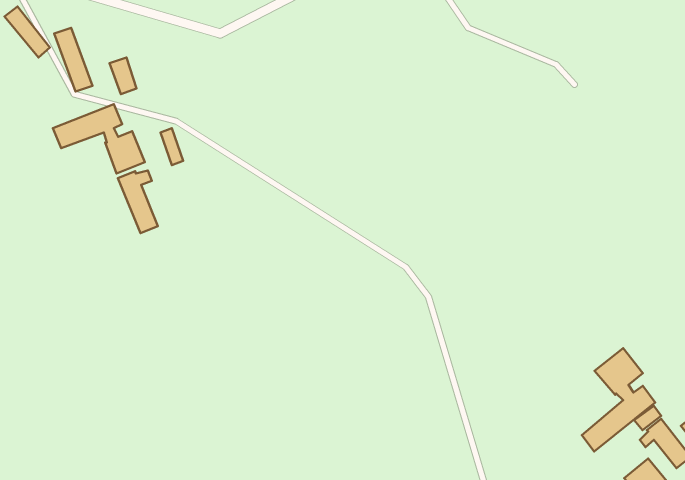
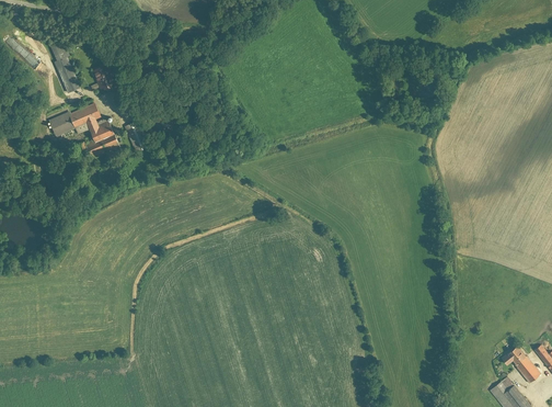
building: [118,170,158,233] -> none
building: [582,348,655,452] -> none

